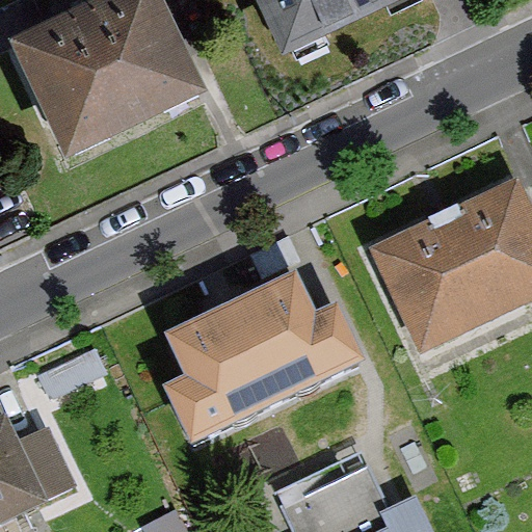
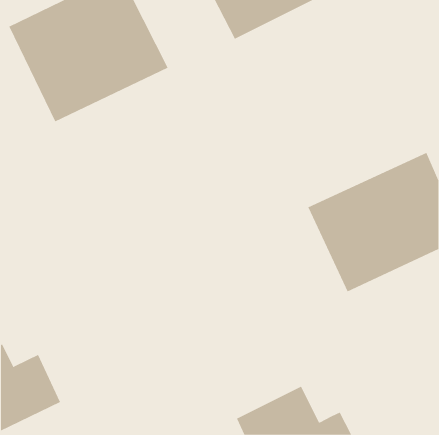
building: [162,276,362,447] -> none

